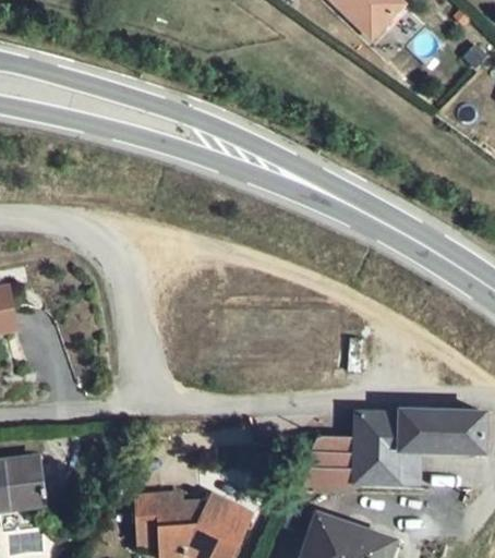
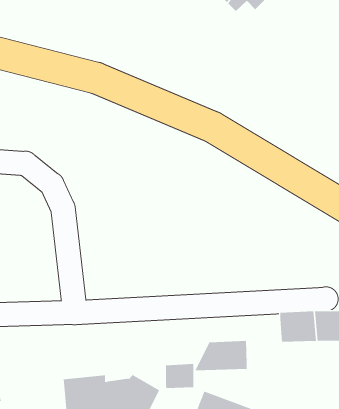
building: [364,418,412,477] -> none
building: none -> [165,363,194,389]

